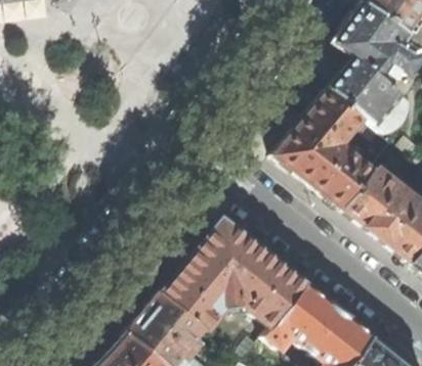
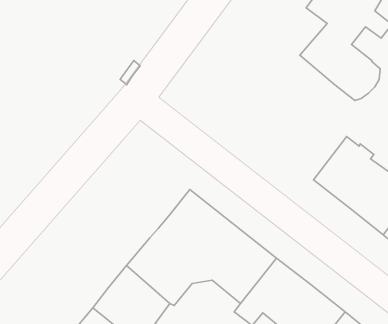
building: [276,89,373,210] -> none

